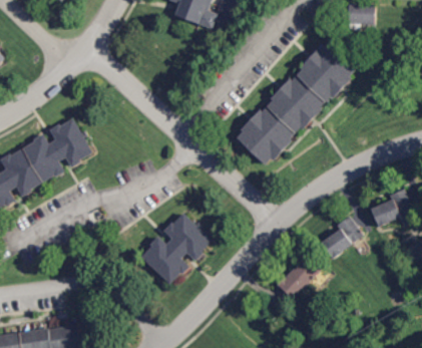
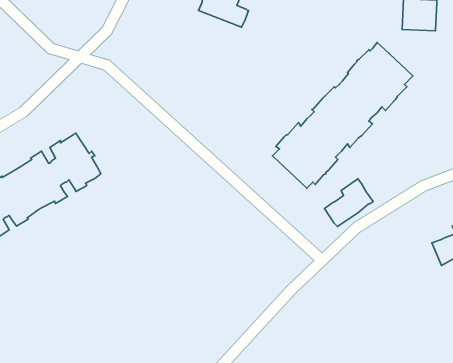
building: [141,214,210,283] -> none
building: [321,217,362,257] -> [324,179,373,226]
building: [277,255,321,299] -> none

